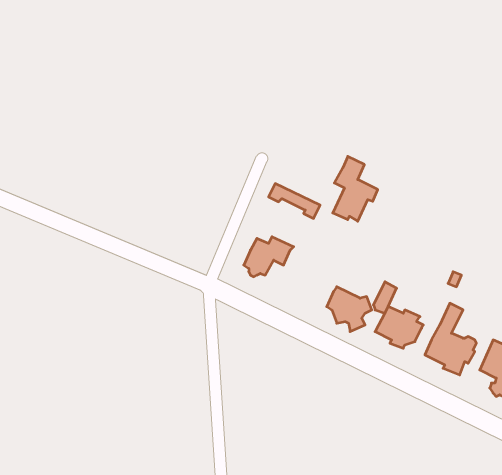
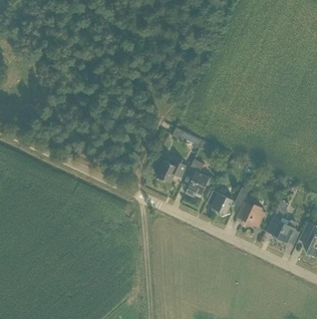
building: [333,156,378,221] -> [186,160,213,199]

